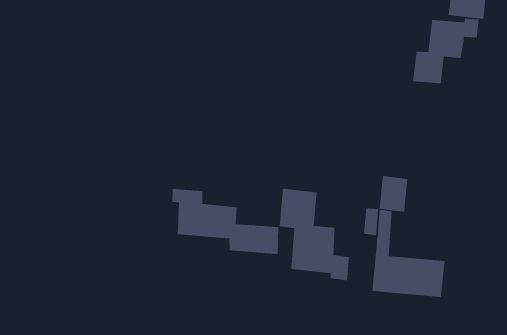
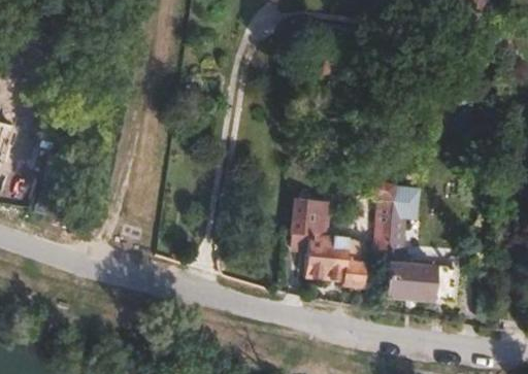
building: [412,18,479,84] -> none
building: [172,188,279,255] -> none

